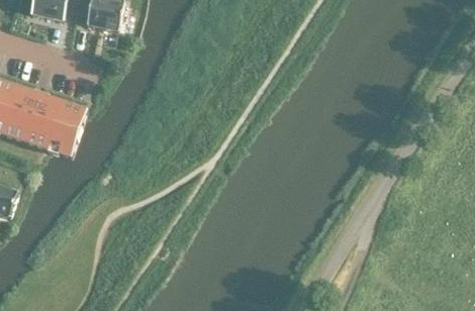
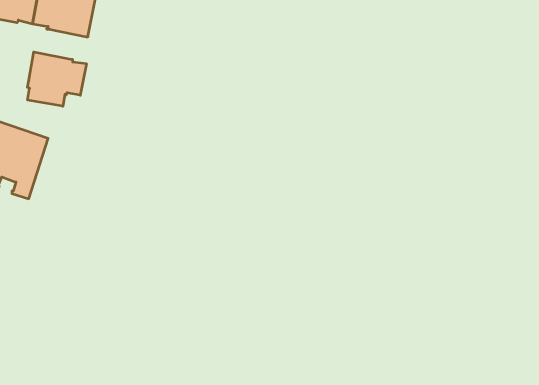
building: none -> [27,52,86,106]

